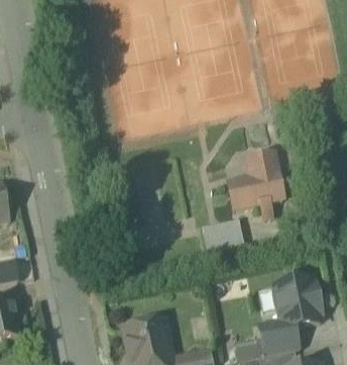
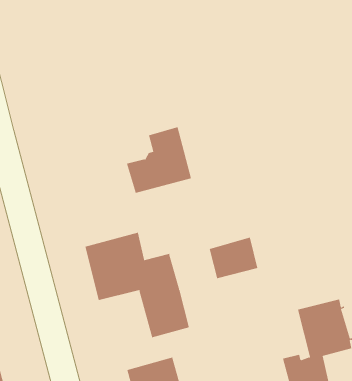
building: [228,153,283,208] -> [126,126,192,194]
building: none -> [85,232,190,338]

